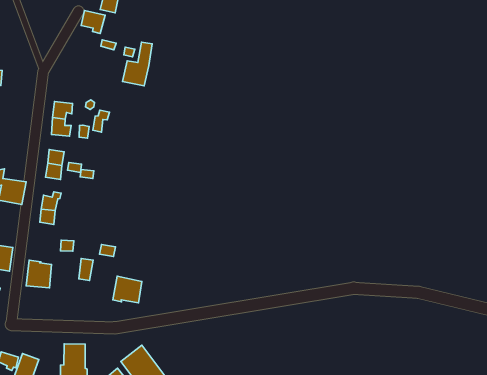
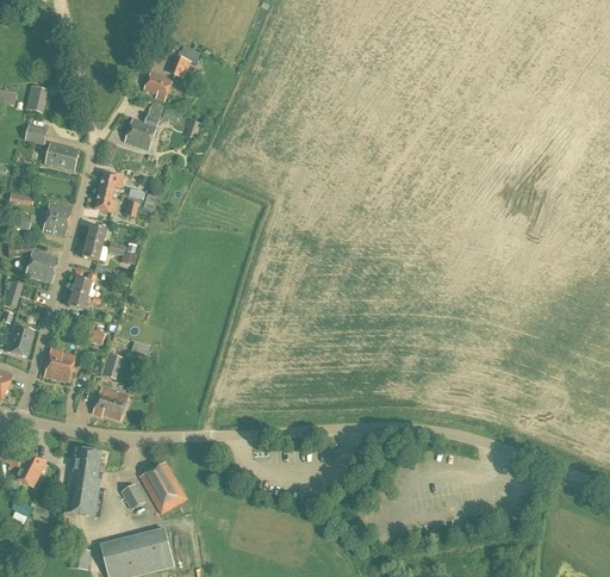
building: [123,42,152,86] -> [125,99,164,149]
building: none -> [45,143,80,170]
building: none -> [42,201,71,234]
building: [113,276,142,303] -> [93,386,129,420]

